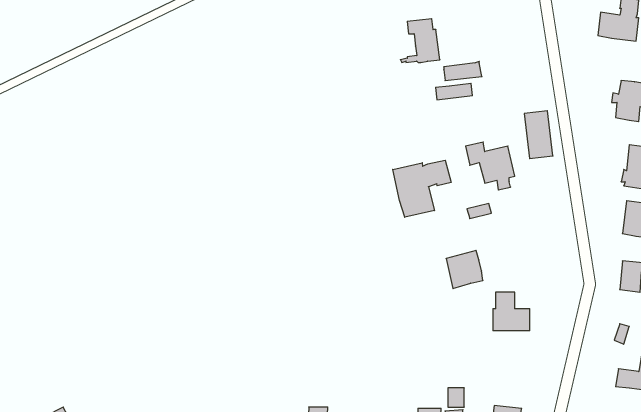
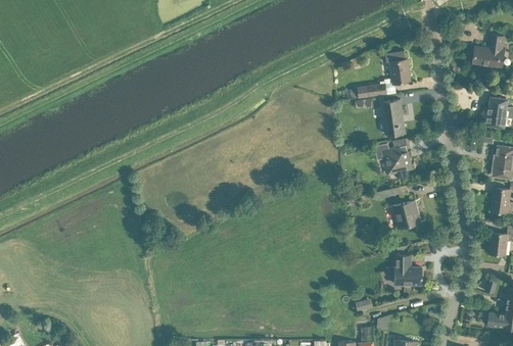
building: [400,19,440,62] -> [380,51,410,84]
building: [524,111,553,159] -> [383,99,405,135]
building: [393,160,451,217] -> none
building: [446,250,483,289] -> [392,200,420,229]

